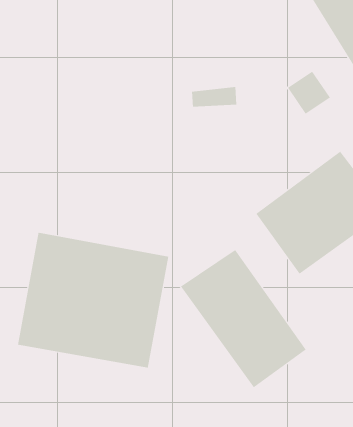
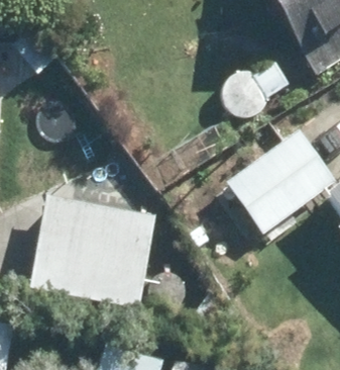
building: [180,249,306,388] -> none

